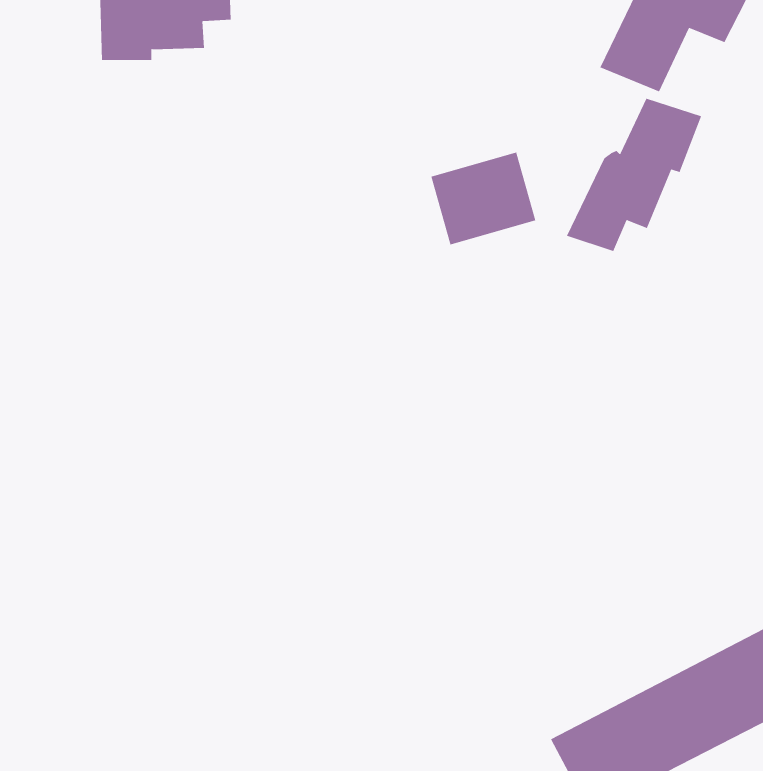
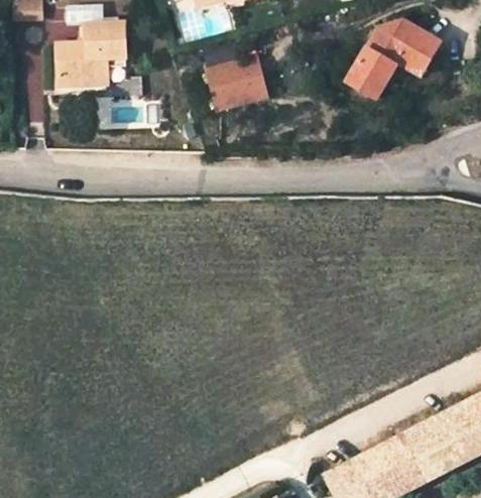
building: [566,98,702,252] -> none
building: [430,152,536,245] -> [208,63,268,116]

